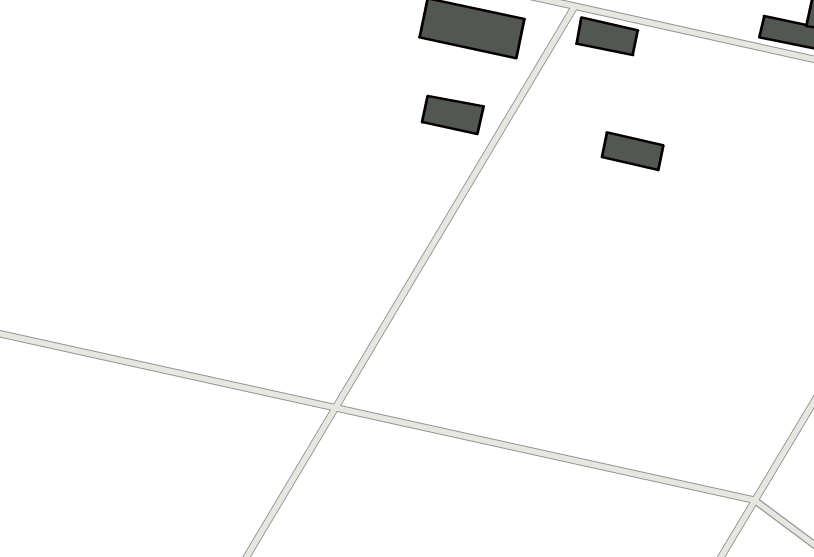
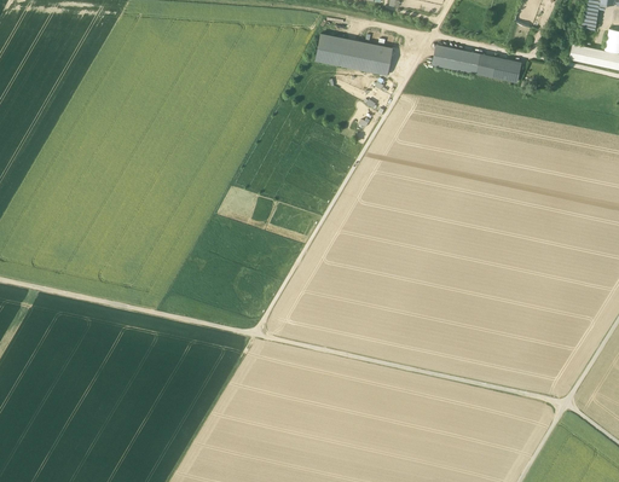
building: [422,96,484,134] -> none
building: [602,133,663,170] -> [475,54,521,82]

